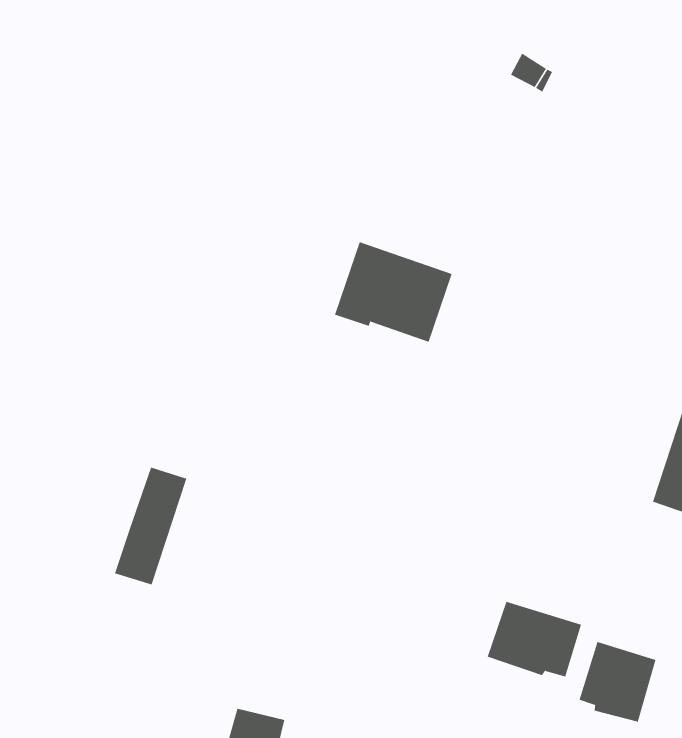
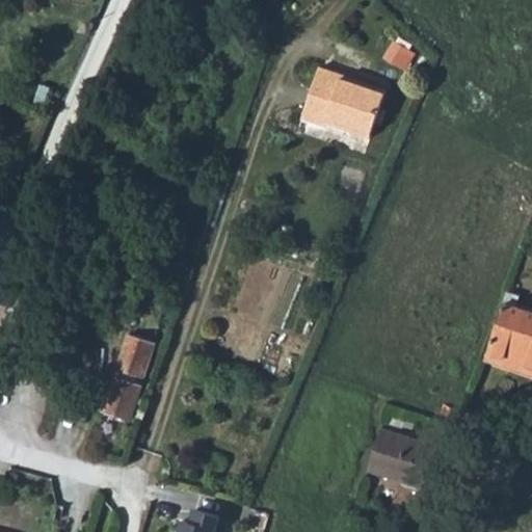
building: [334,242,453,342] -> [300,69,384,140]
building: [579,641,656,723] -> none

